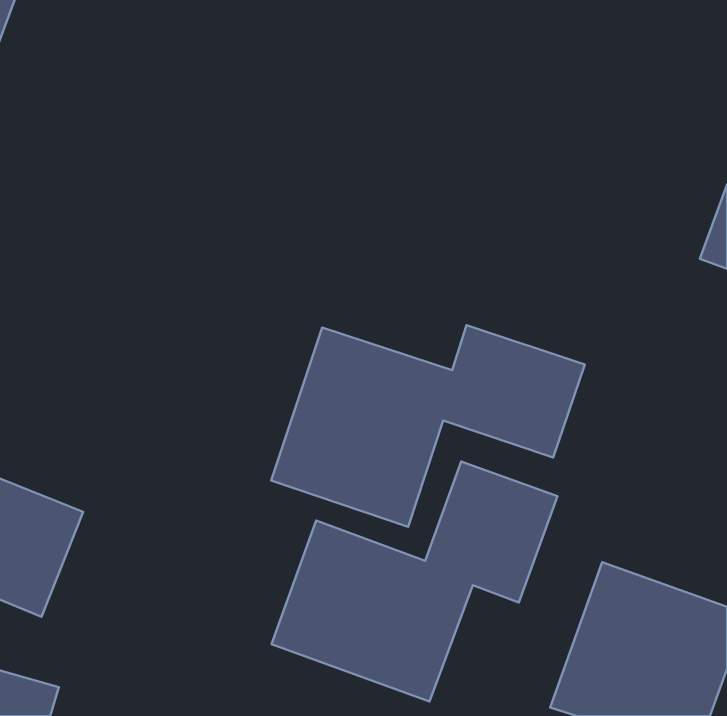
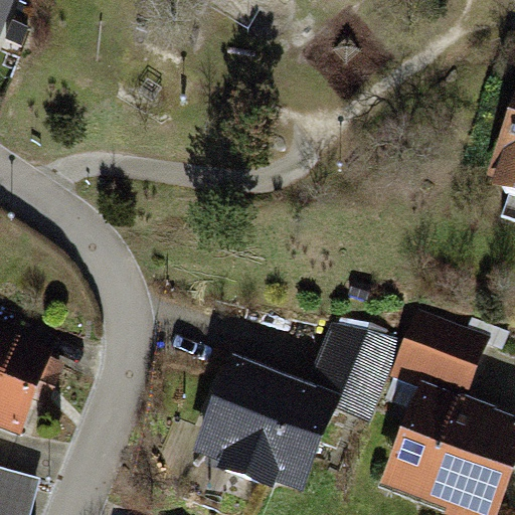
building: [271,325,585,527] -> none
building: none -> [400,317,483,395]

